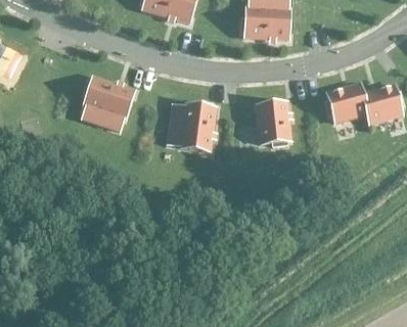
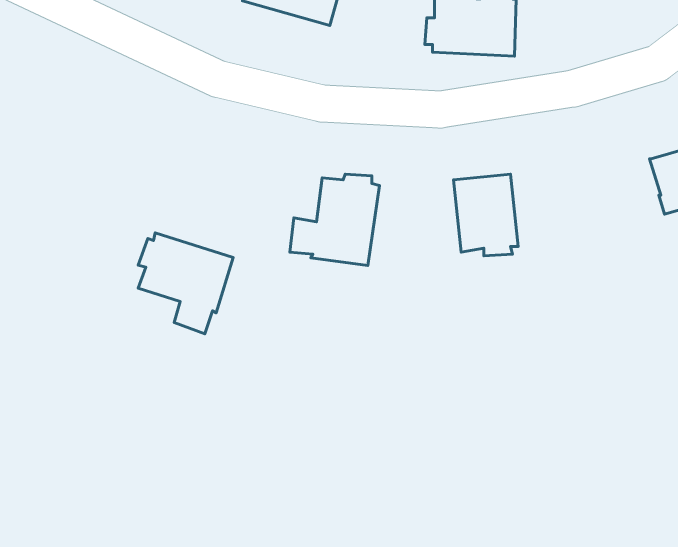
building: [82,77,133,131] -> [138,233,233,334]
building: [324,84,366,123] -> none

